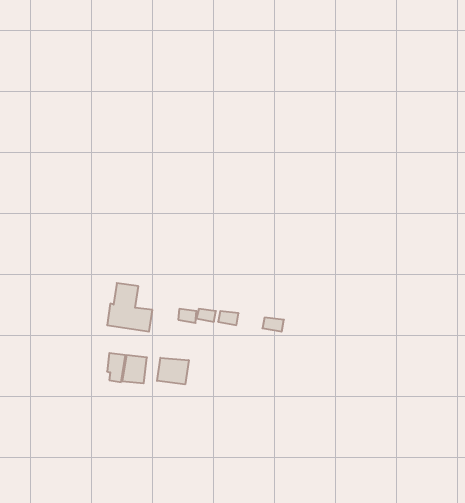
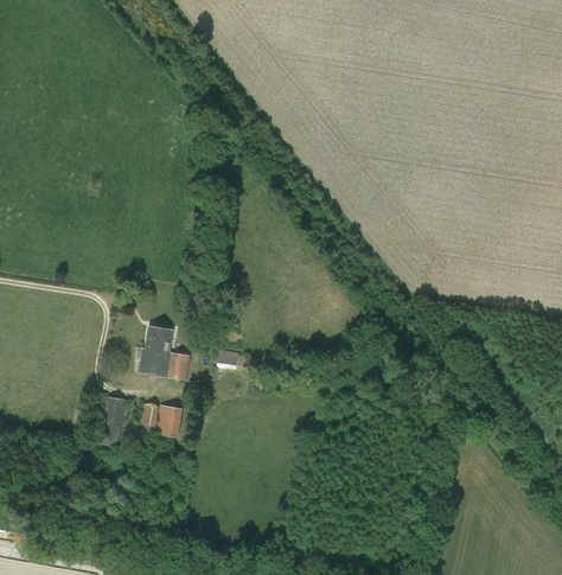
building: none -> [101,396,126,446]
building: [157,358,189,384] -> none

